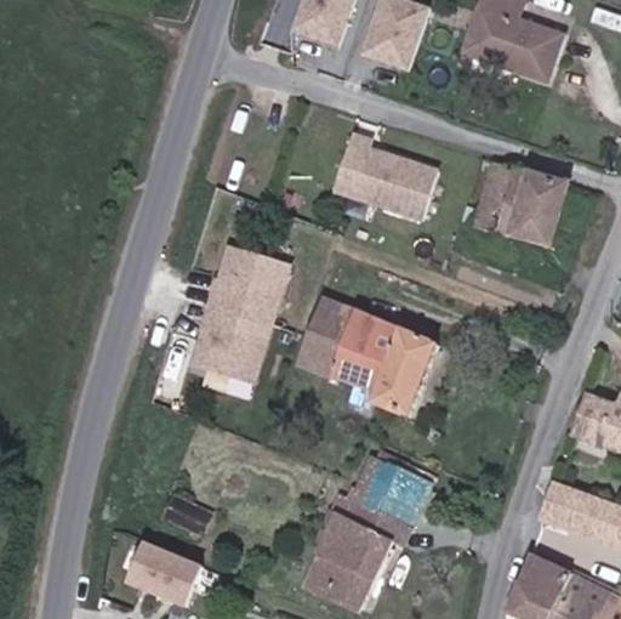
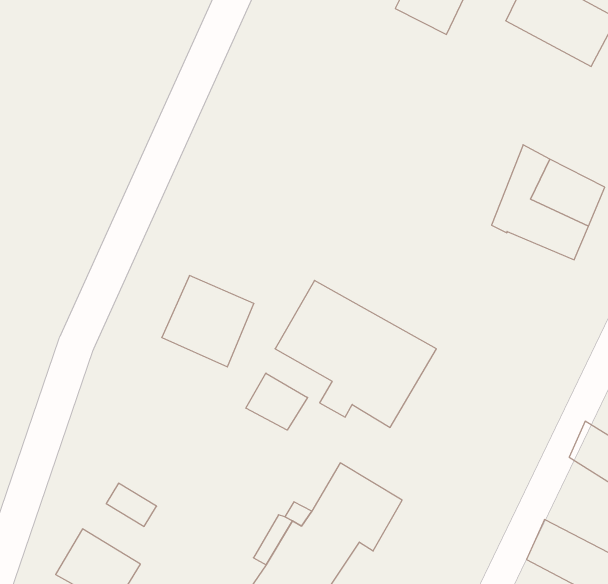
building: [331,132,438,220] -> none
building: [211,250,289,325] -> none
building: none -> [246,373,308,430]

